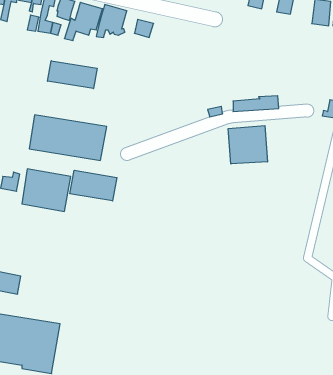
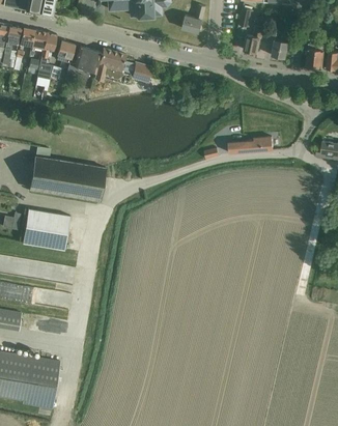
building: [48,61,97,89] -> none
building: [228,126,267,164] -> none
building: [70,170,117,201] -> none

